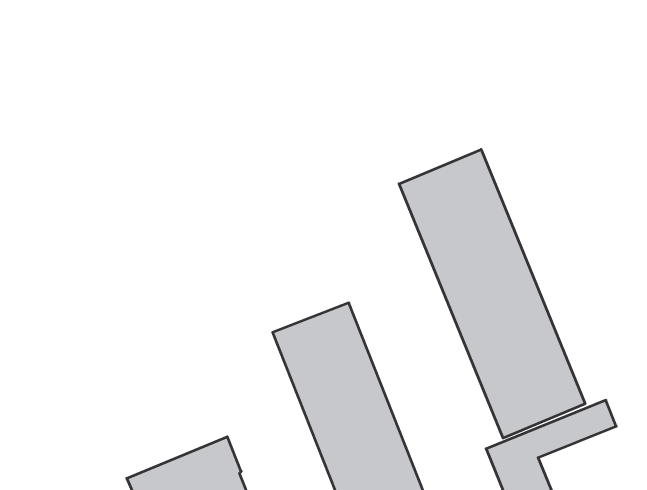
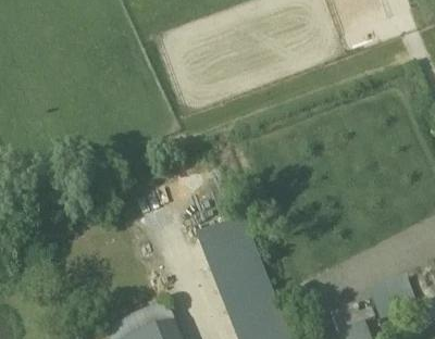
building: [399,149,585,438] -> none

